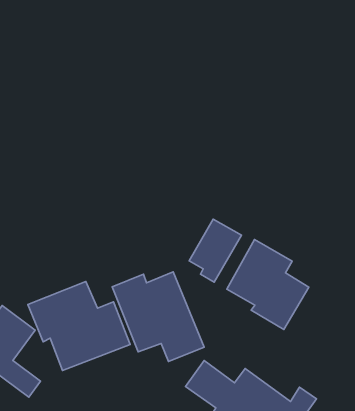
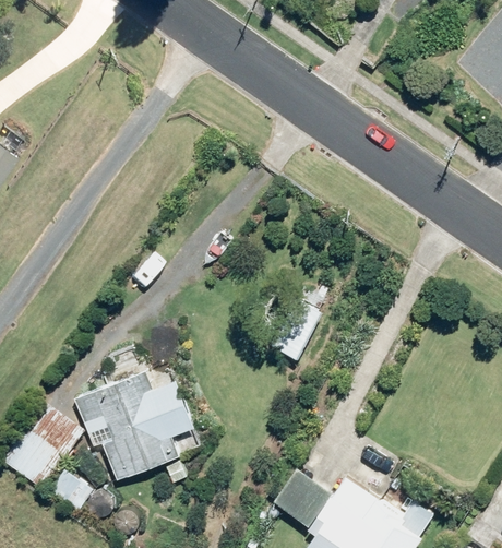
building: [227,239,309,330] -> none
building: [112,272,204,362] -> none

